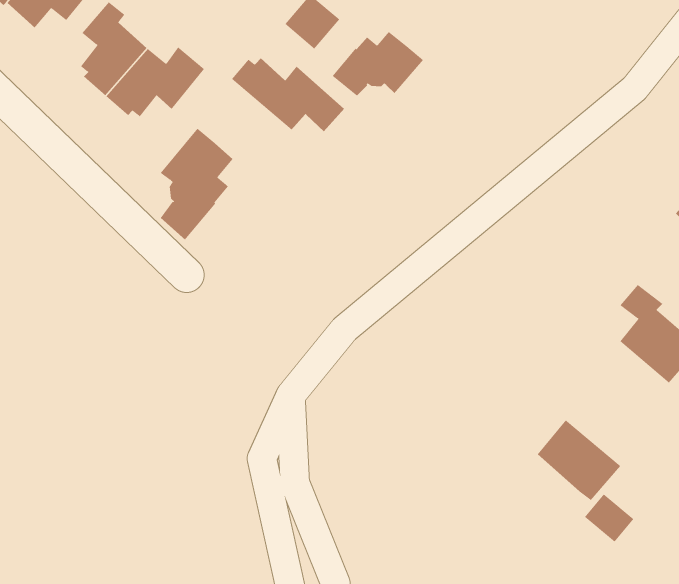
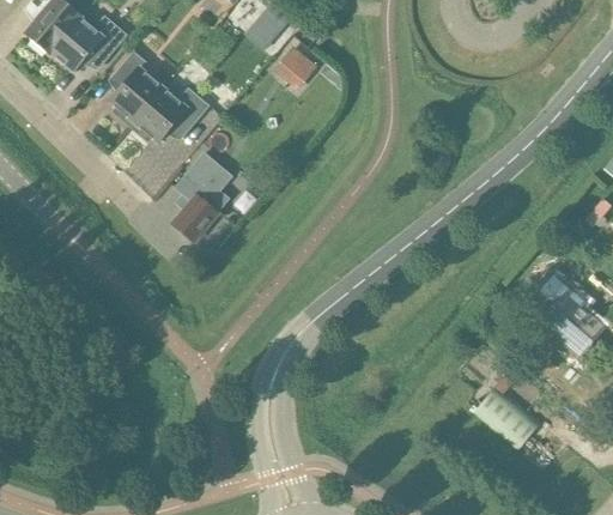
building: [332,31,424,97] -> none
building: [231,57,345,132] -> none
building: [584,494,634,542] -> none

